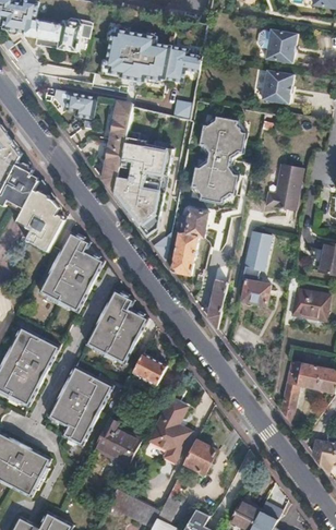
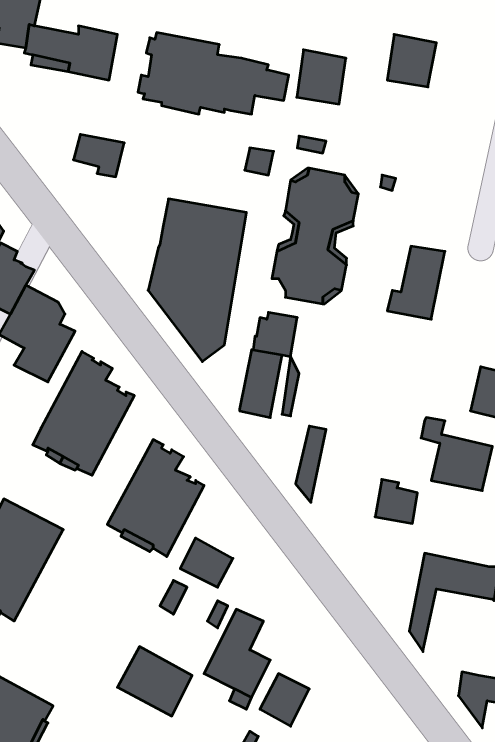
building: [261,68,292,103] -> [297,50,346,104]
building: [100,104,131,193] -> none
building: [245,231,272,272] -> none
building: [241,276,268,304] -> [375,479,417,523]
building: [47,365,112,446] -> none

